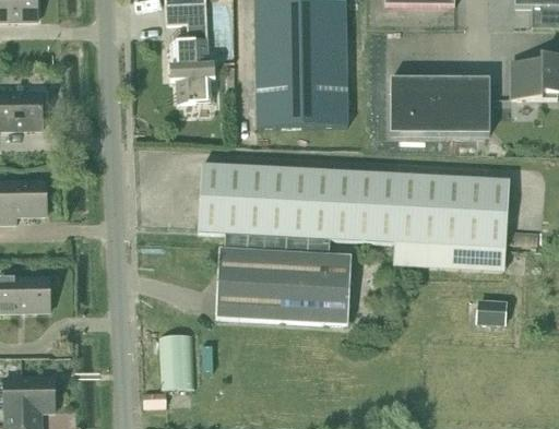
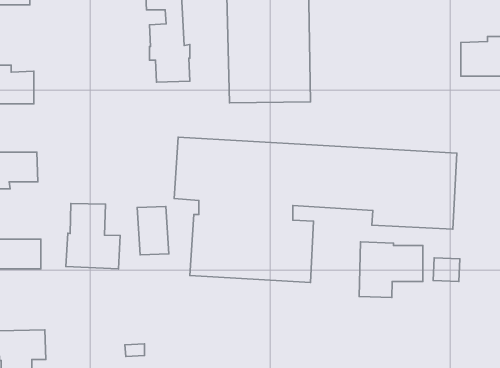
building: [390,85,489,142] -> none
building: none -> [66,203,120,269]
building: none -> [359,242,423,298]
building: [158,334,193,388] -> [137,206,169,255]

